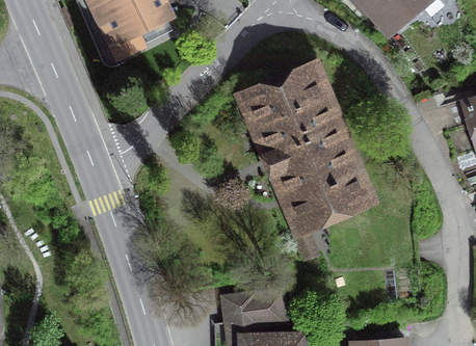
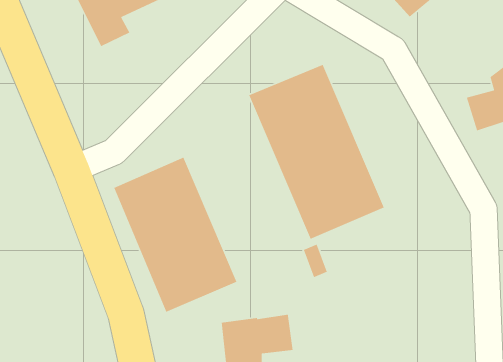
building: none -> [113,157,237,313]

